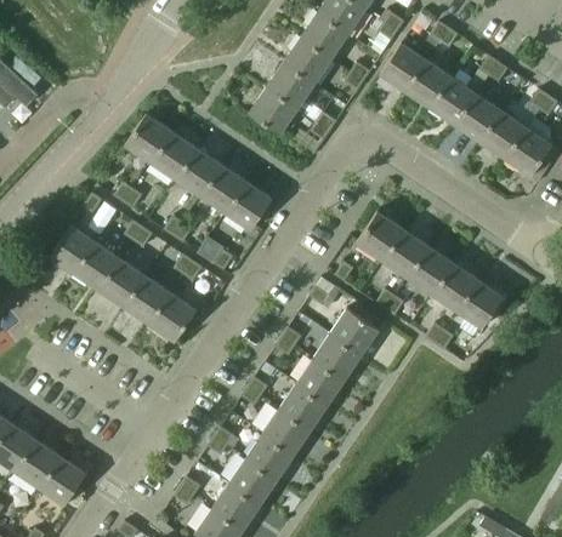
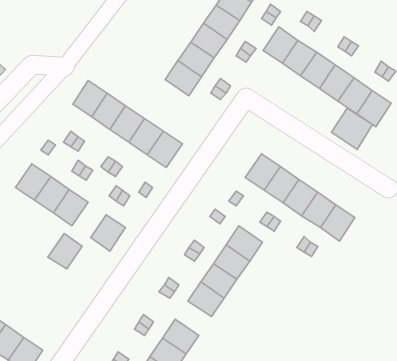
building: none -> [331,108,373,150]
building: [124,276,170,324] -> [48,234,82,269]
building: [262,409,311,455] -> none

